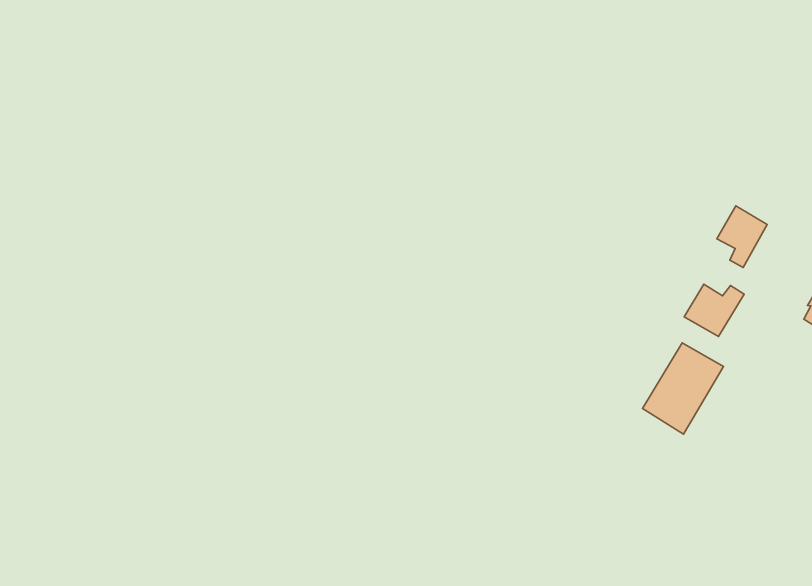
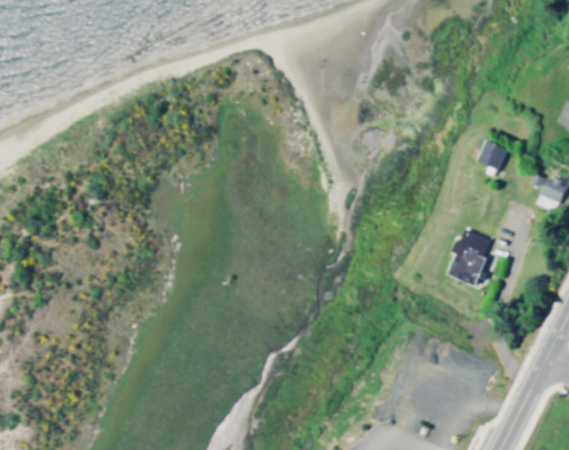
building: [684,284,744,336] -> none

